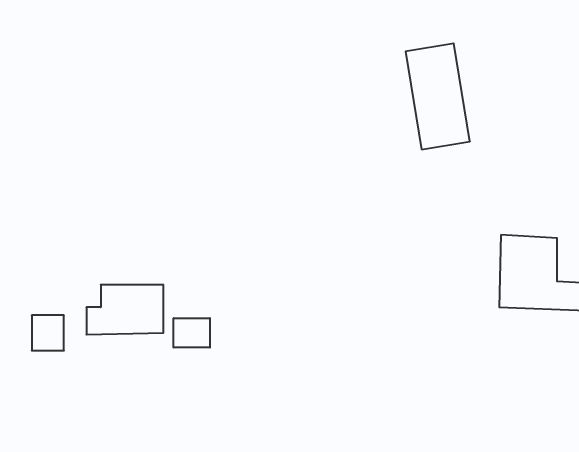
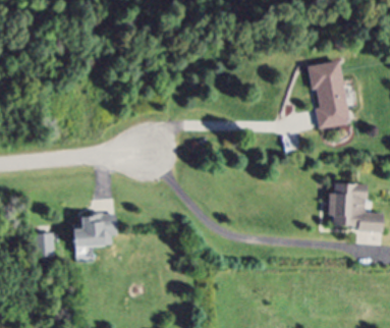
building: [406,43,470,149] -> [310,61,350,128]
building: [174,318,210,348] -> none

